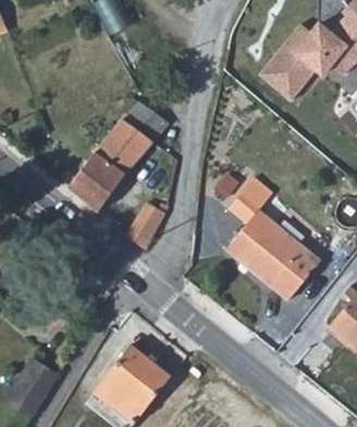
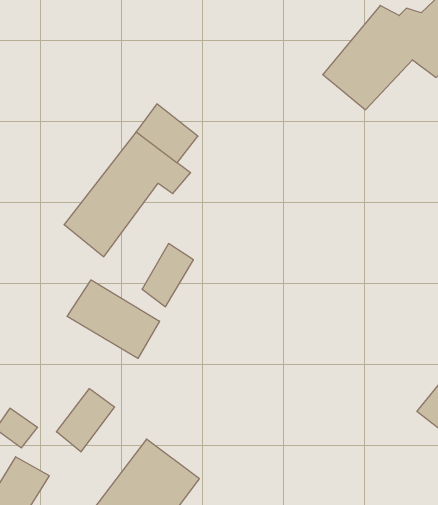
building: [226,176,319,297] -> none
building: none -> [67,280,160,358]
building: none -> [56,389,115,452]

